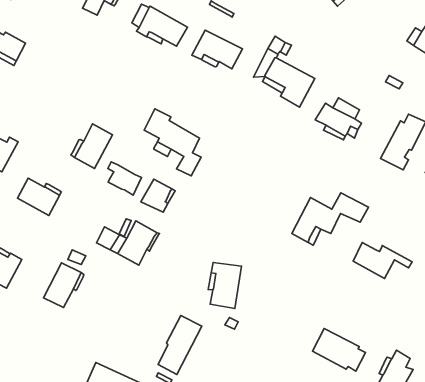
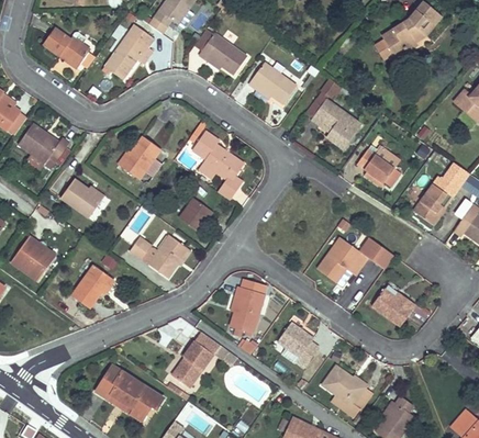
building: none -> [103,24,156,80]
building: [108,162,141,195] -> none
building: none -> [277,322,319,367]

